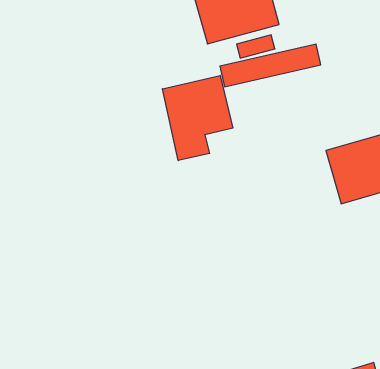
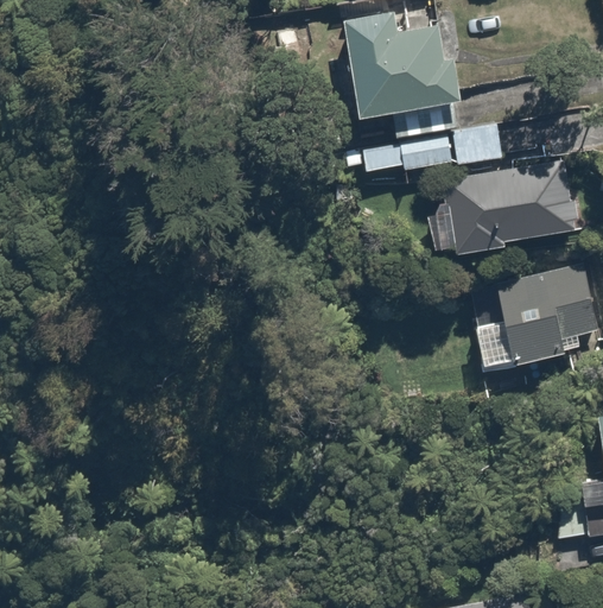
building: none -> [446,167,575,254]
building: [162,75,233,161] -> none

